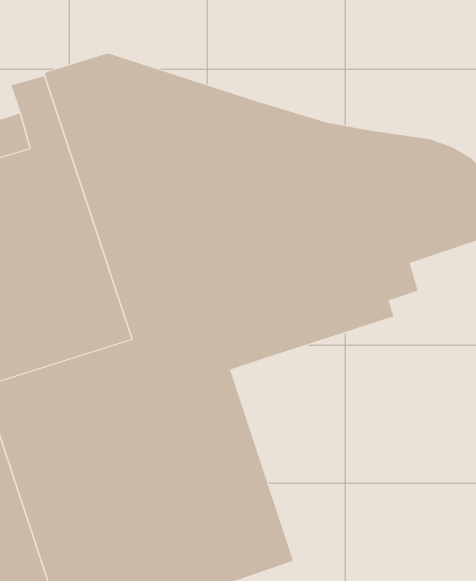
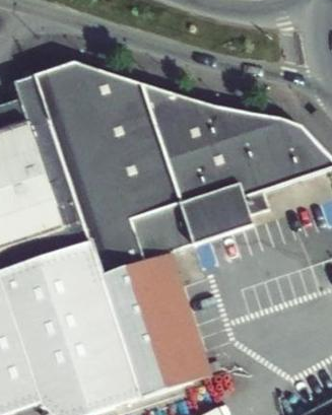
building: none -> [151,256,211,383]

